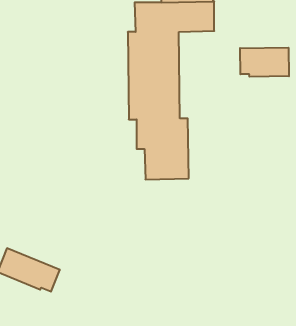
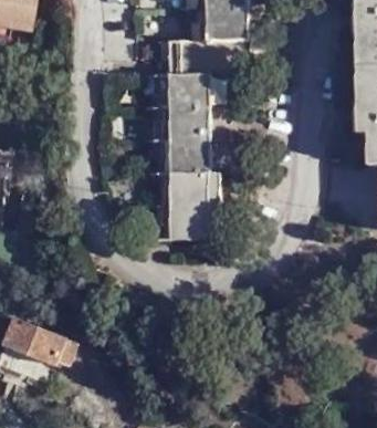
building: [240,48,289,77] -> none

